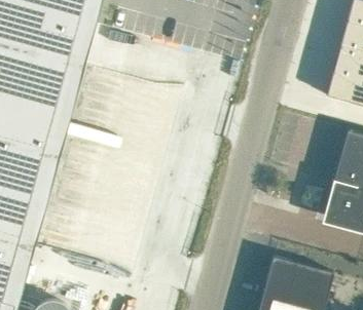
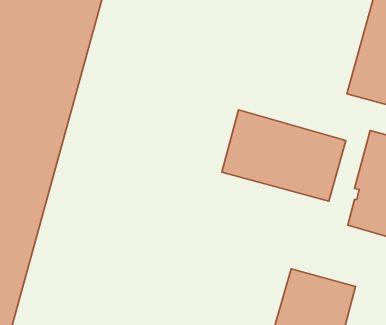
building: none -> [222,110,346,201]

